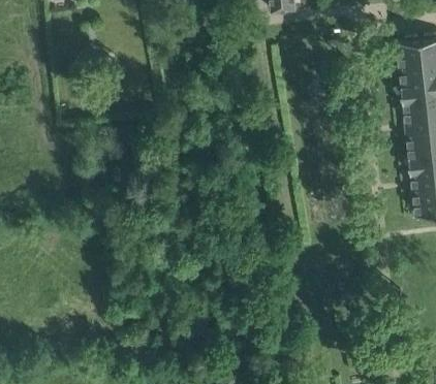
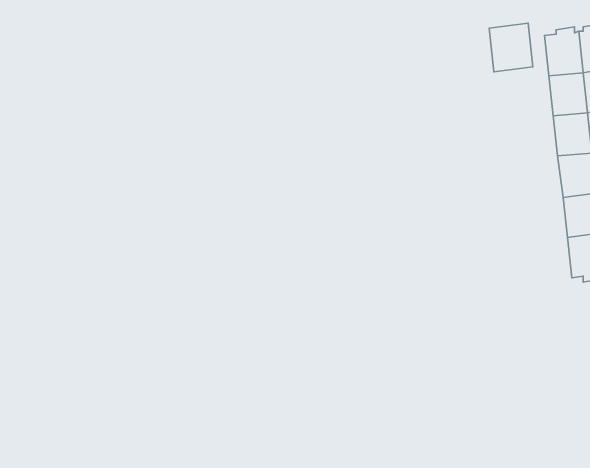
building: none -> [489,23,533,72]

